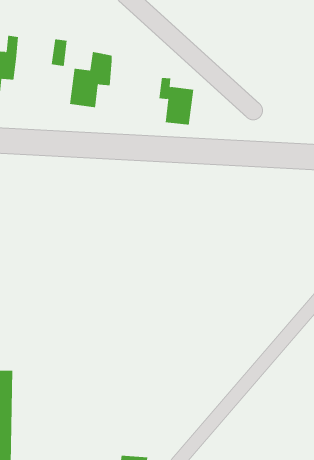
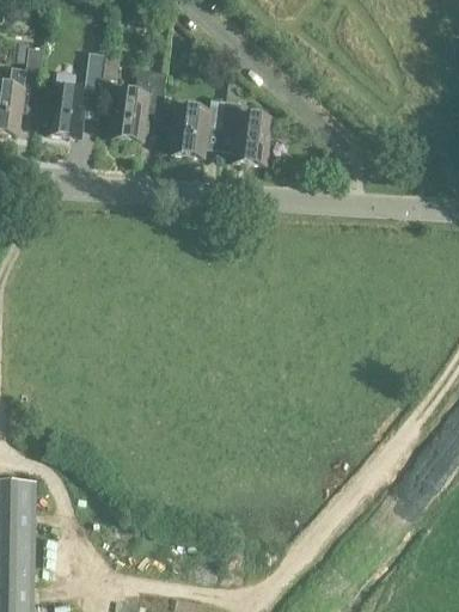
building: none -> [47,85,87,137]
building: none -> [171,99,228,157]

